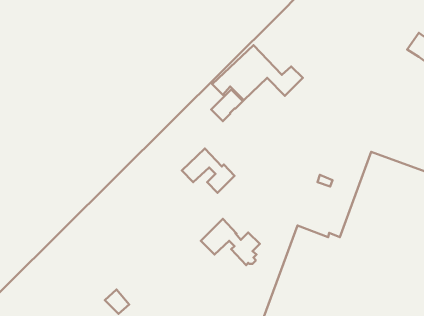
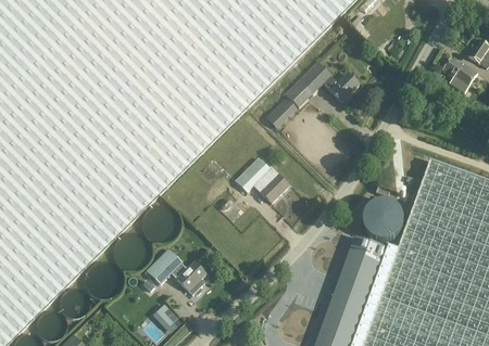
building: none -> [442,57,477,92]
building: none -> [364,205,399,241]
building: [201,219,260,265] -> [146,247,206,295]

